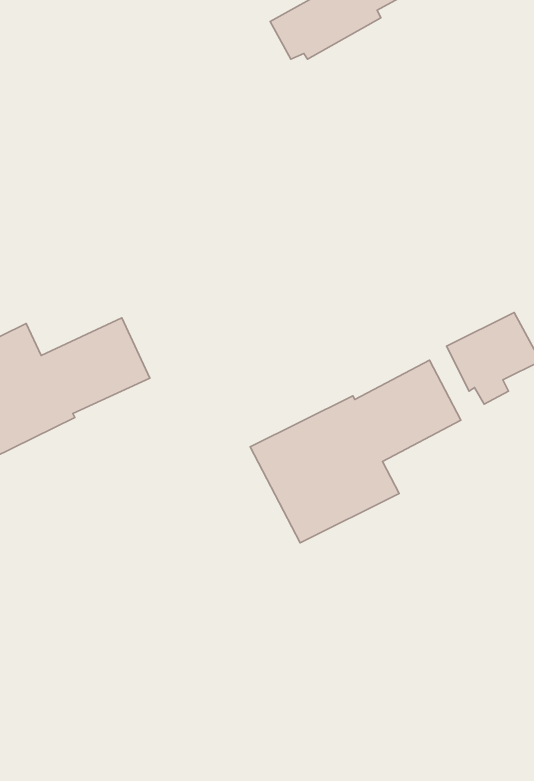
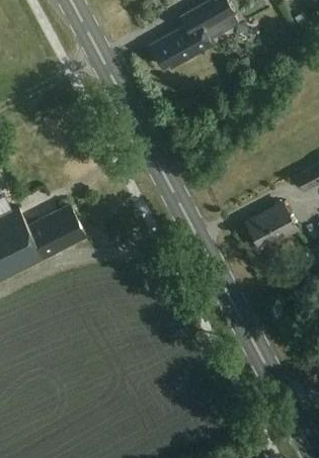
building: [250,360,461,543] -> none

